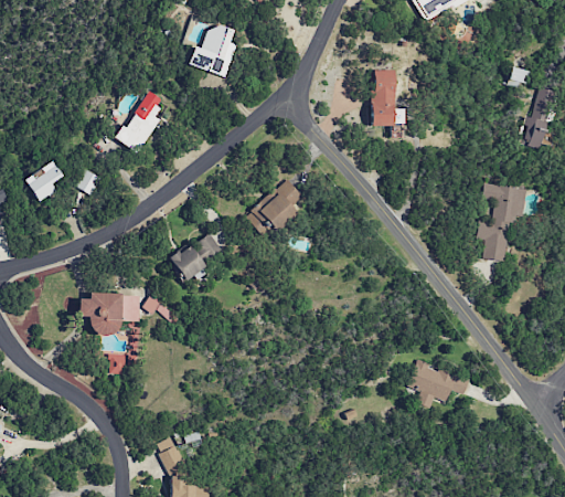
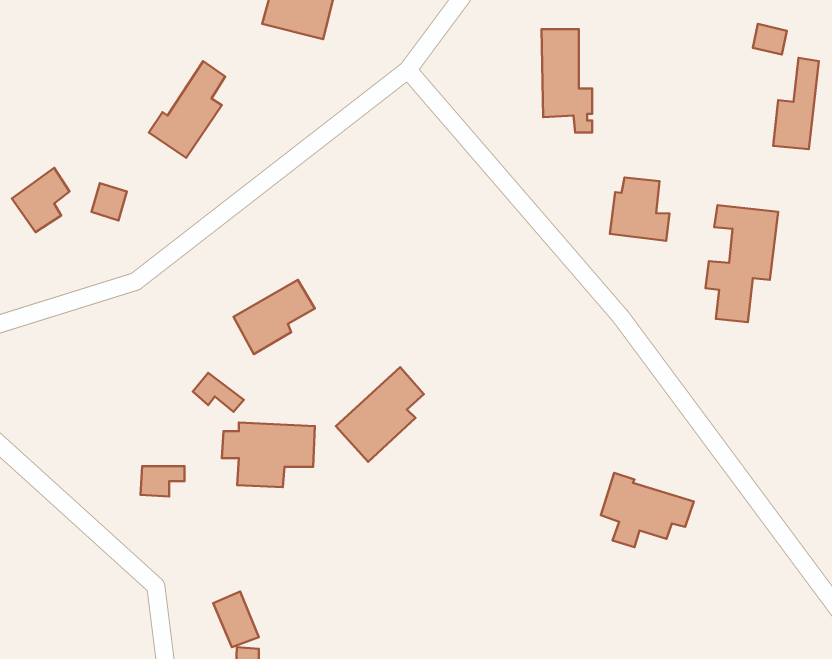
building: none -> [610,178,669,241]
building: [245,179,302,241] -> [336,367,424,462]
building: [78,293,139,335] -> [222,423,315,487]

